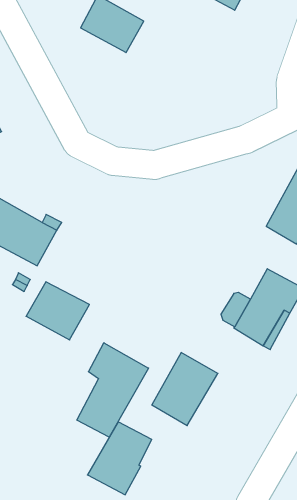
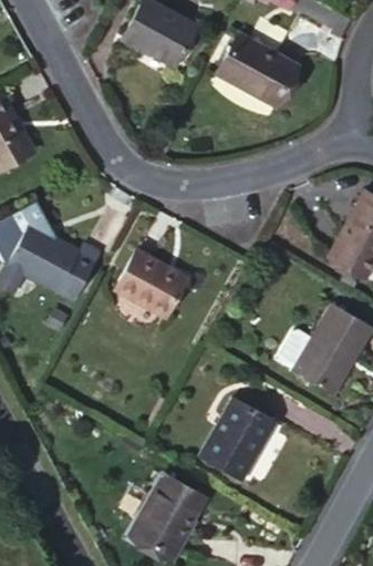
building: none -> [218,16,297,105]
building: [26,282,89,340] -> [116,253,187,318]
building: [77,343,149,437] -> none

